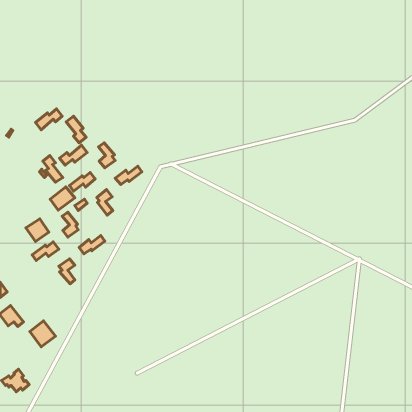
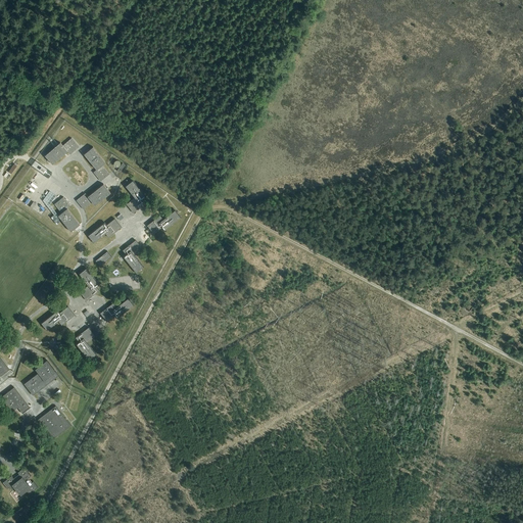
building: [50,187,75,210] -> none
building: [26,219,49,242] -> none
building: none -> [23,361,58,395]

